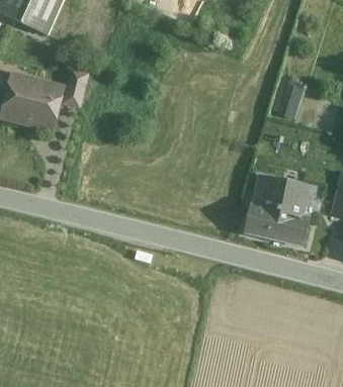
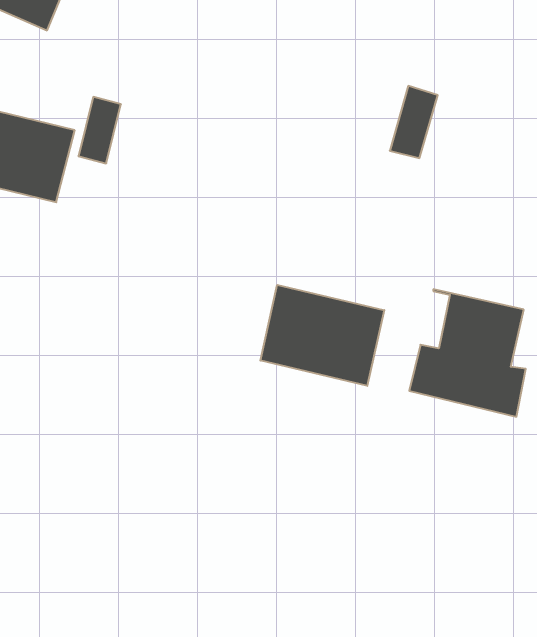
building: [276,80,303,119] -> [390,86,438,158]
building: none -> [260,285,384,386]

